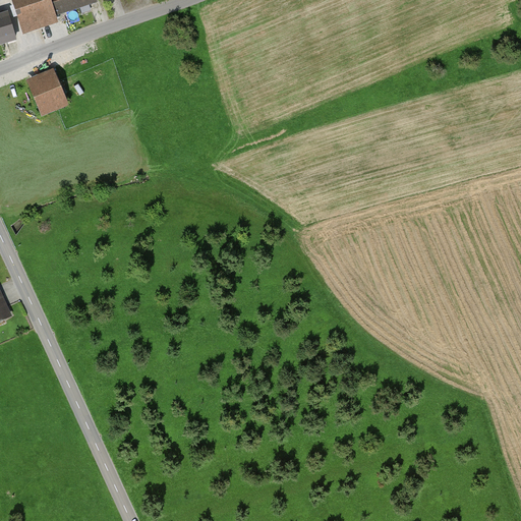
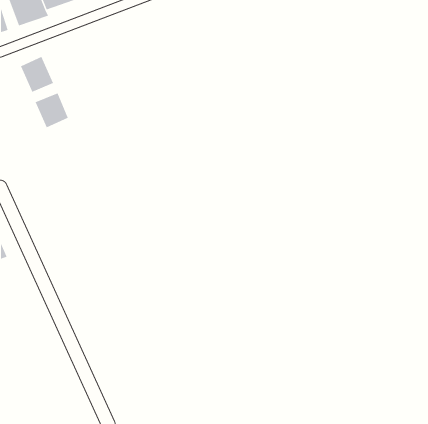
building: none -> [35,92,69,128]

